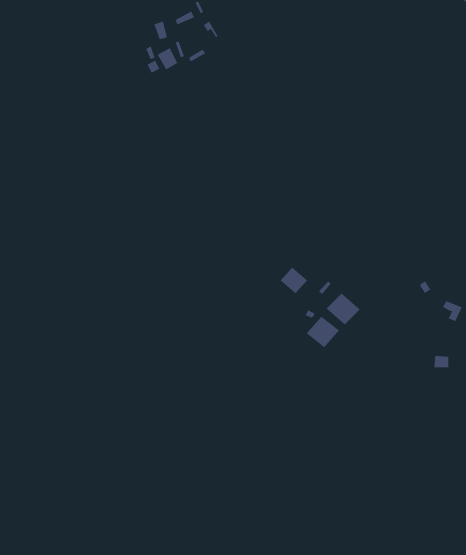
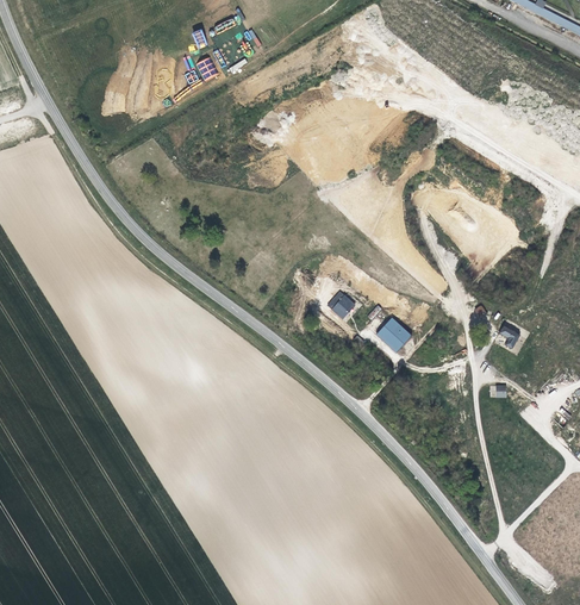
building: [306,316,340,348] -> none

